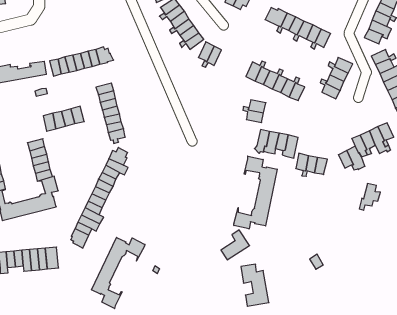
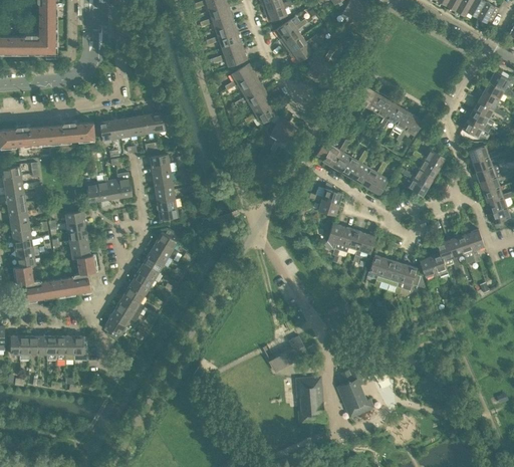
building: [234,156,277,229] -> none
building: [359,184,380,210] -> [395,265,421,295]
building: [92,237,145,309] -> none
building: none -> [337,368,373,418]

